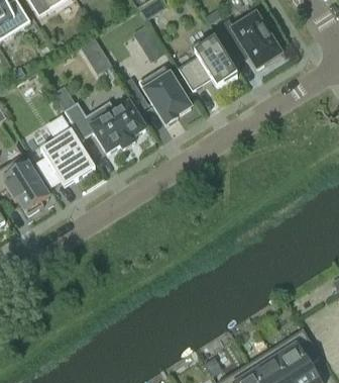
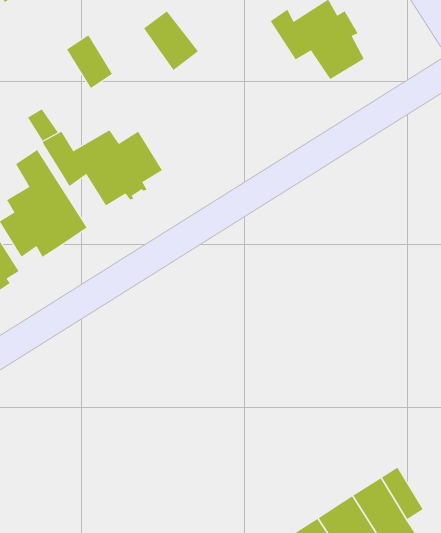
building: [178,33,236,90] -> none
building: [138,65,190,124] -> none

